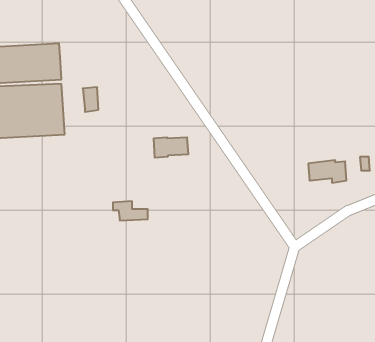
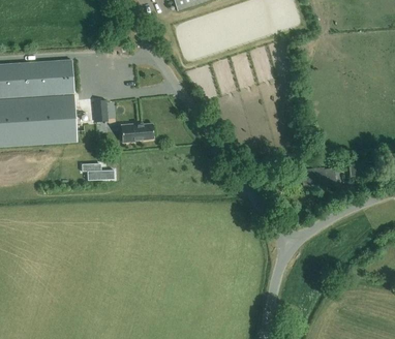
building: [154,137,188,158] -> [121,123,153,142]
building: [113,201,148,220] -> [82,162,114,180]

